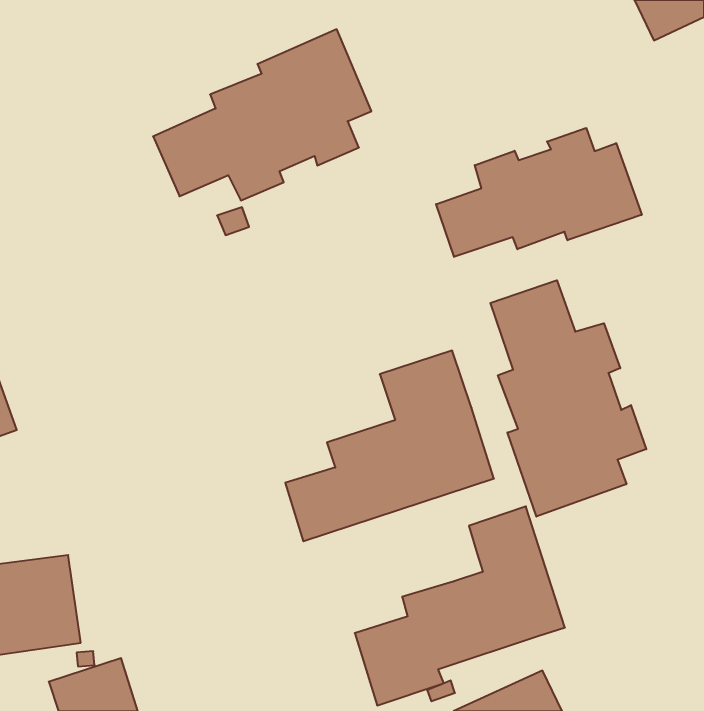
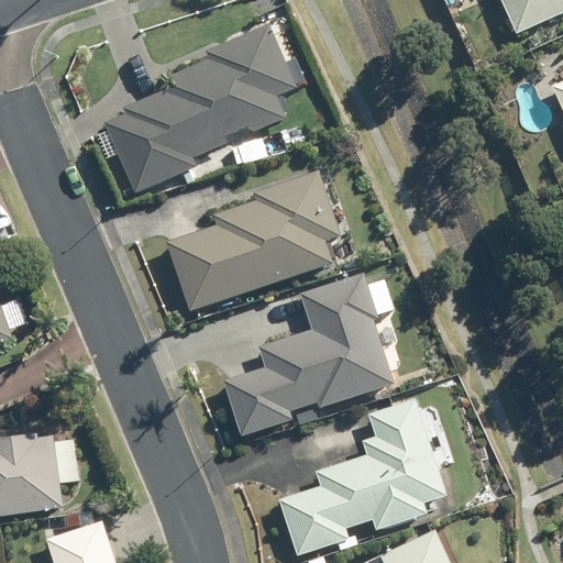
building: [436,128,642,257] -> none
building: none -> [169,167,342,308]
building: [490,280,646,517] -> none

